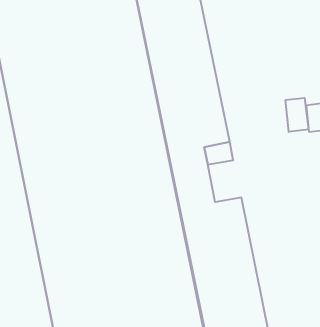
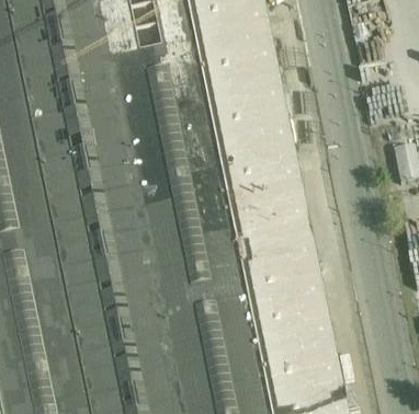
building: [286,98,309,132] -> none
building: none -> [275,210,316,261]

